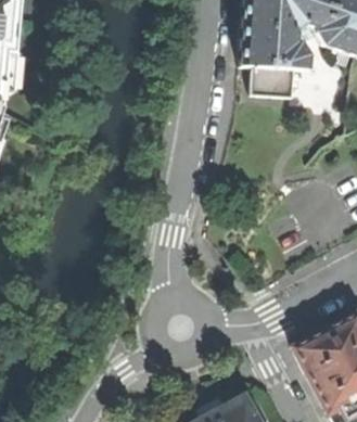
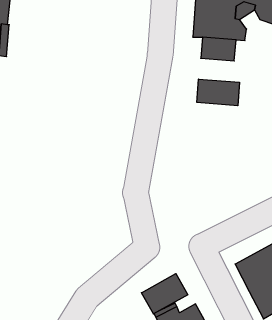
building: none -> [197,79,239,106]
building: none -> [141,274,188,314]

